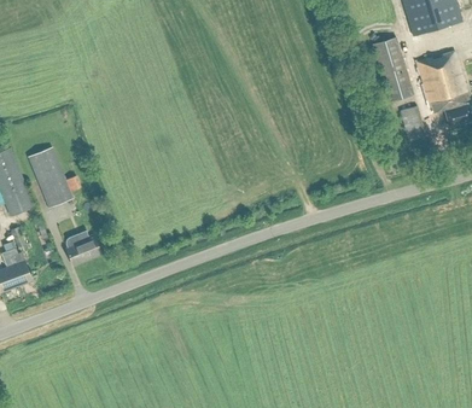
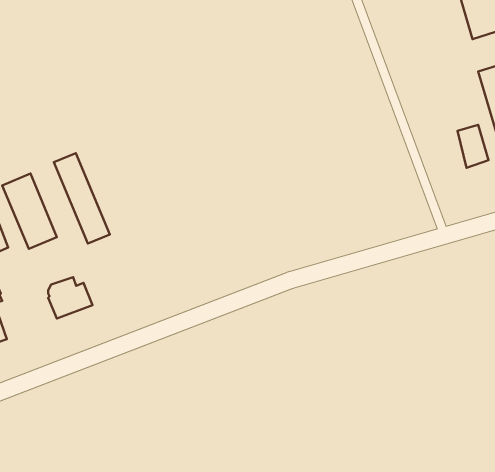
building: [372,36,413,101] -> none
building: none -> [54,153,110,243]

